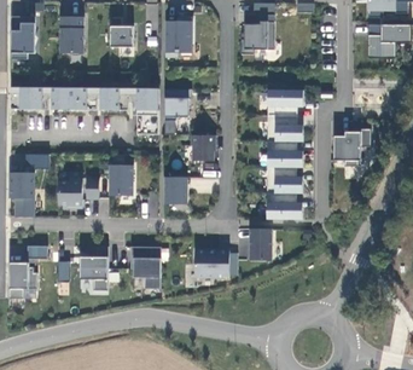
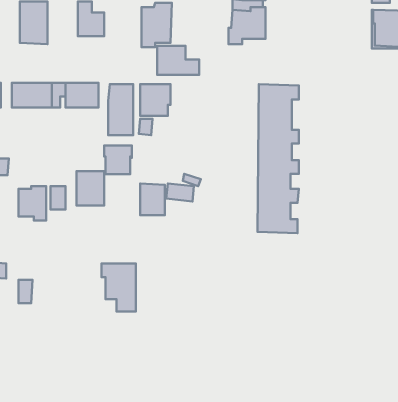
building: none -> [157,46,199,75]
building: [333,128,371,166] -> none
building: [191,134,215,160] -> [104,145,132,174]
building: [249,227,272,260] -> none
building: [80,245,109,289] -> none
building: [194,249,229,276] -> none

